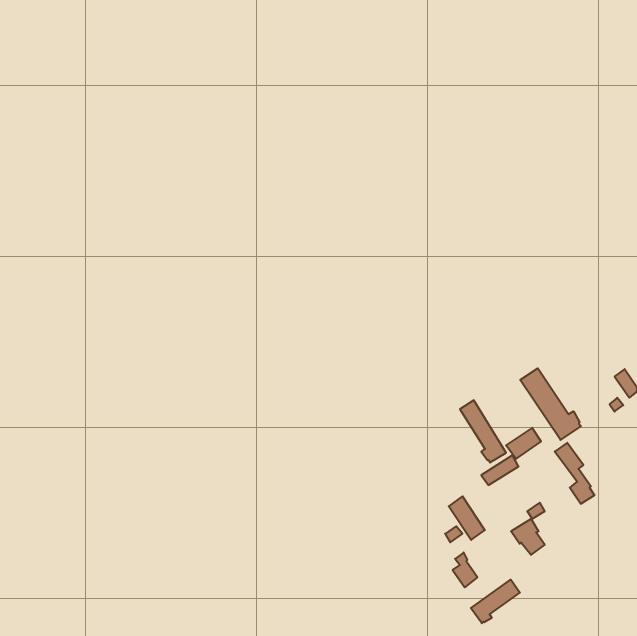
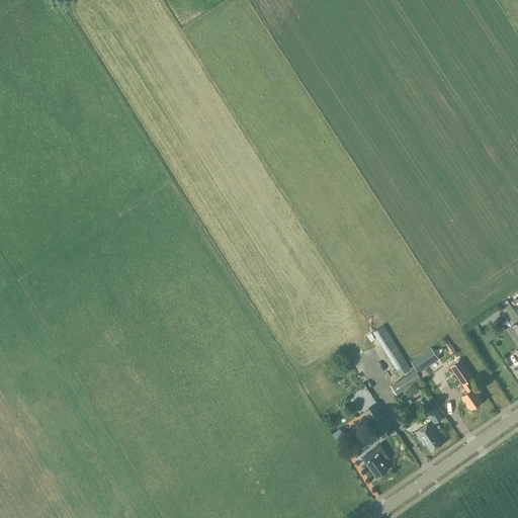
building: [520,368,581,440] -> none
building: [471,580,520,623] -> none

